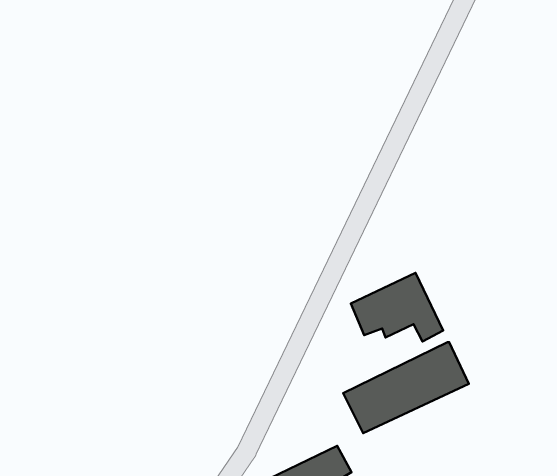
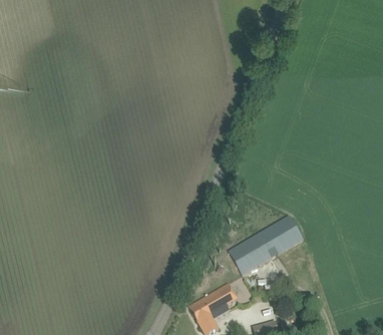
building: [351,273,443,342] -> none

